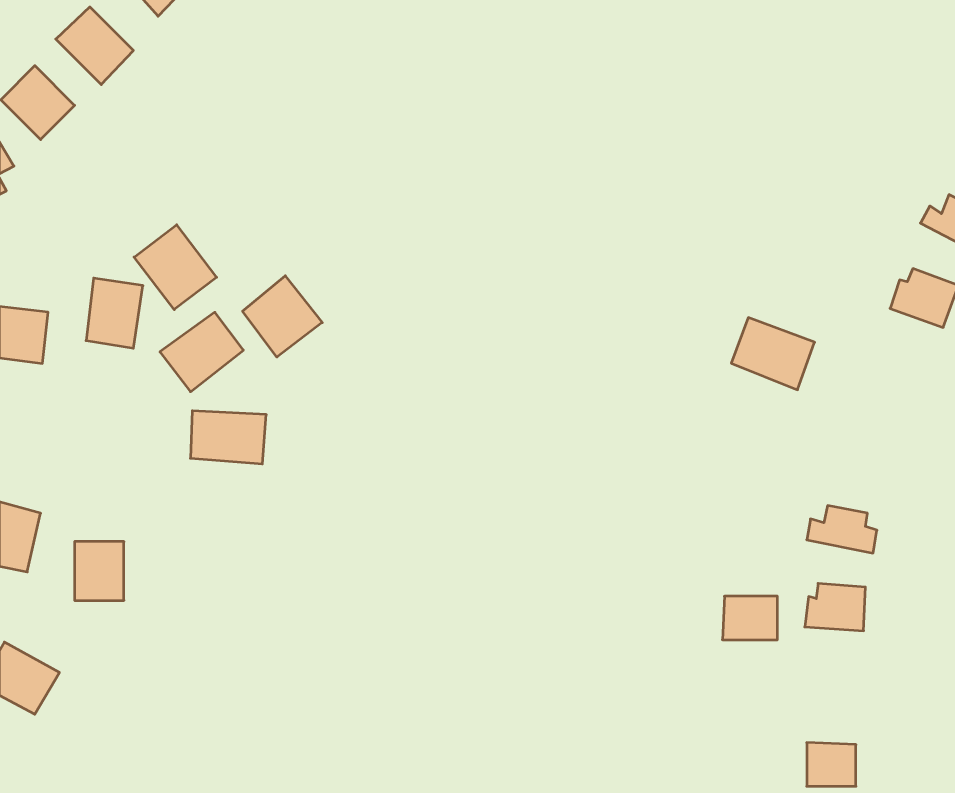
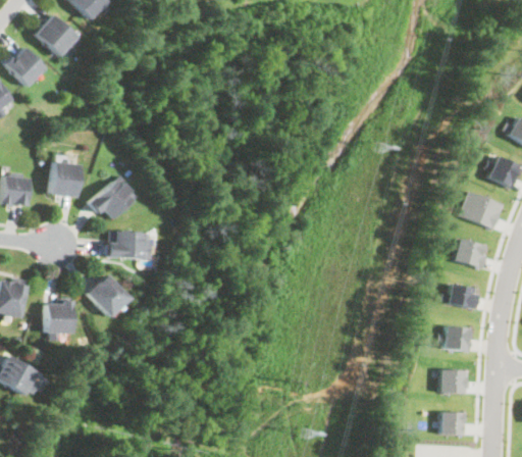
building: [134,225,217,310] -> none
building: [243,276,322,357] -> none
building: [731,318,815,390] -> [459,190,504,229]
building: none -> [453,237,489,268]
building: none -> [87,275,128,318]
building: [722,596,777,640] -> [438,368,468,392]

